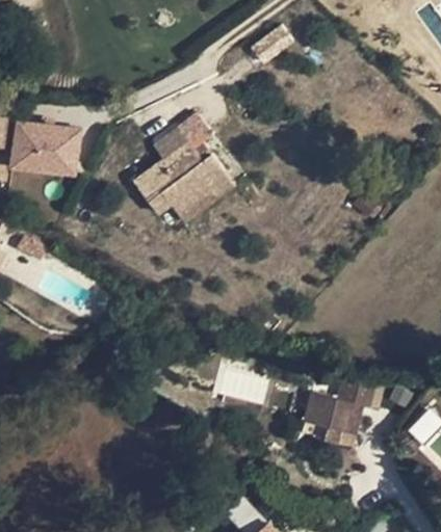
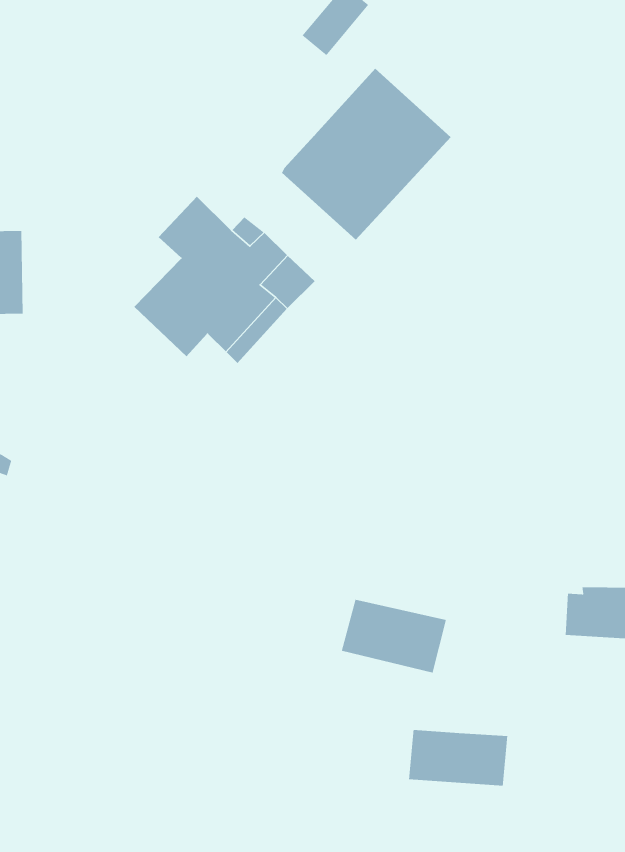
building: none -> [281,68,451,241]
building: [304,394,362,433] -> [408,729,508,786]

